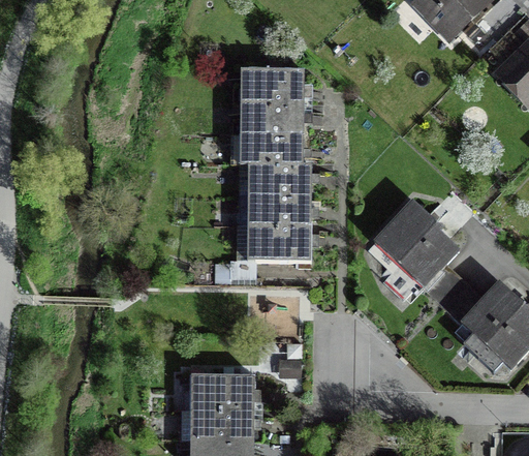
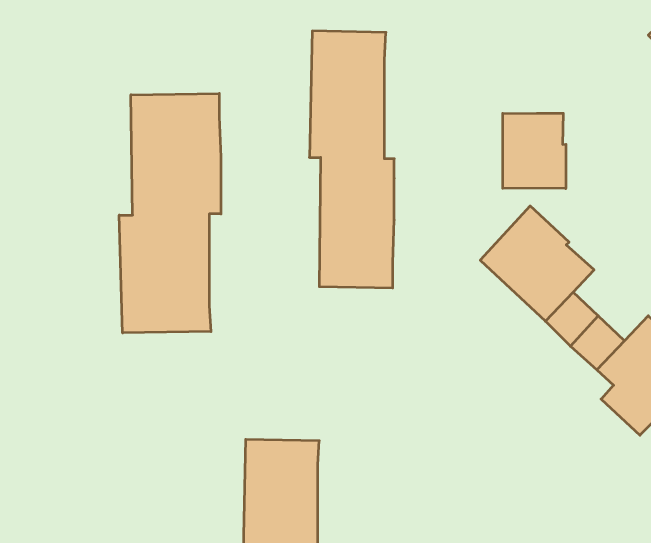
building: none -> [119,93,221,333]
building: none -> [503,113,566,189]

